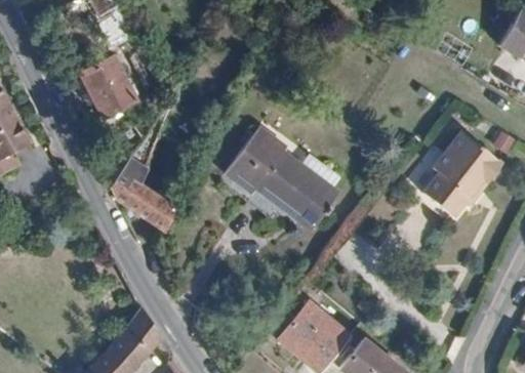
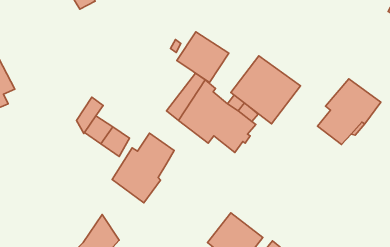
building: [81,55,137,117] -> none
building: none -> [177,32,229,83]
building: none -> [231,56,300,124]
building: none -> [112,133,174,203]

